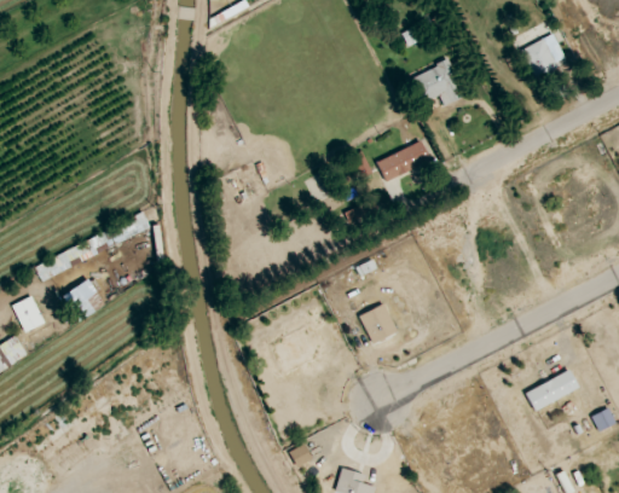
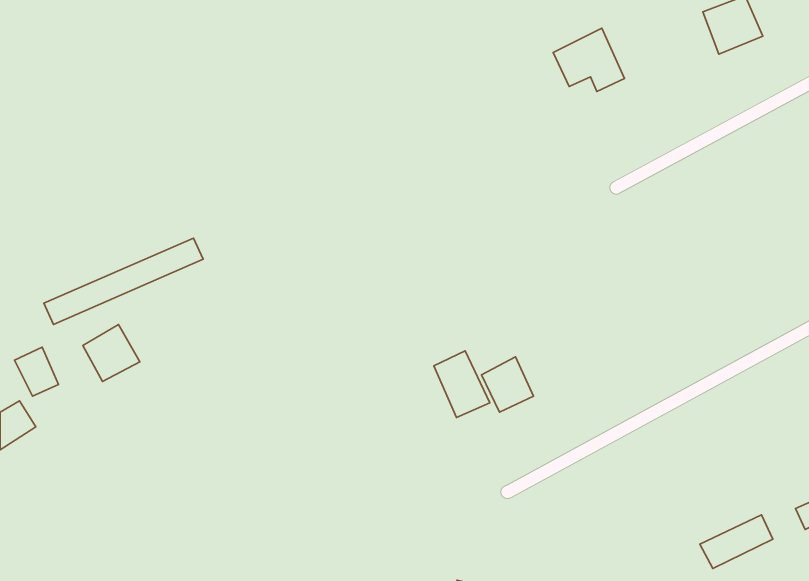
building: [377,140,430,181] -> none
building: none -> [434,351,490,418]
building: [525,370,579,410] -> [700,515,773,569]

